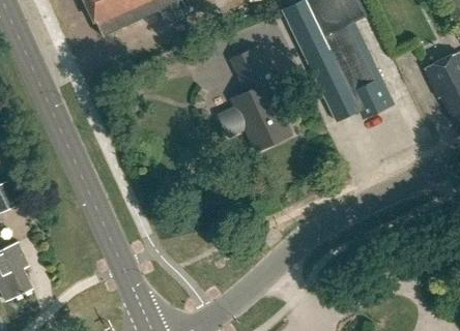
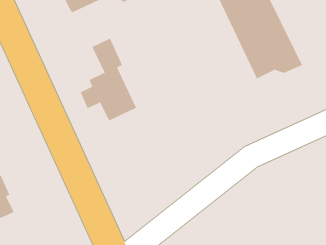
building: [220,44,291,149] -> [80,38,137,121]

